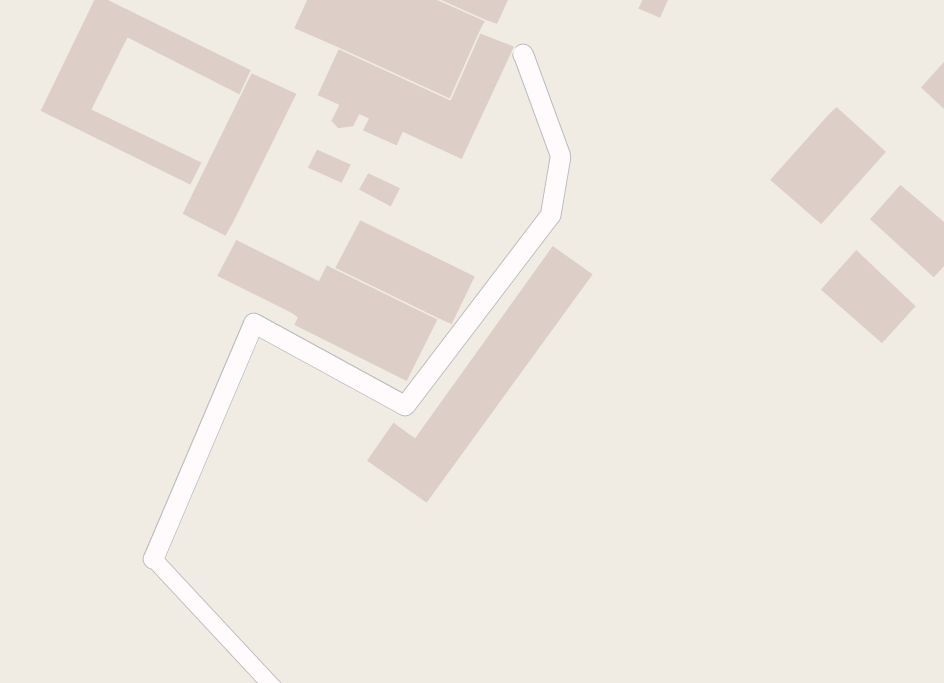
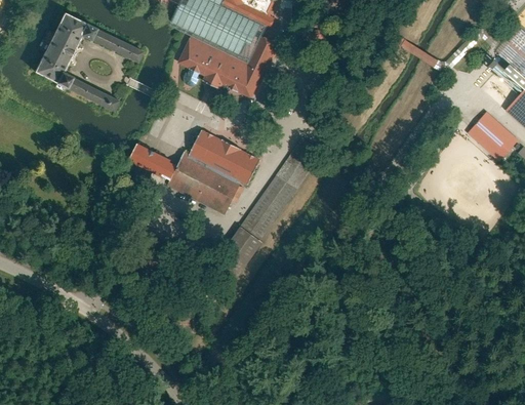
building: [181,72,298,237] -> none
building: [769,106,887,225] -> none
building: [820,249,916,344] -> none

